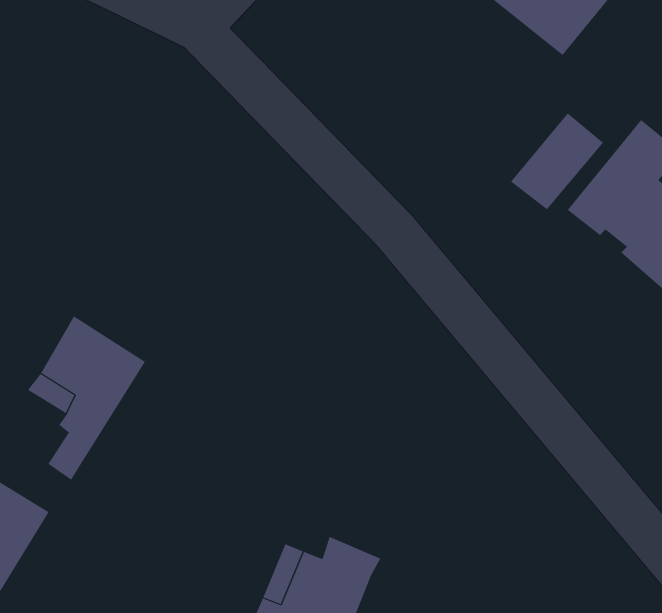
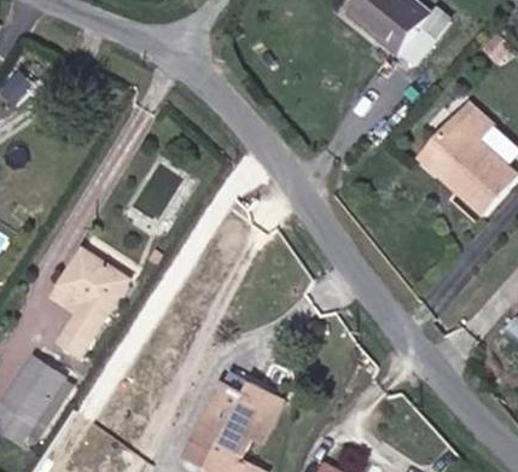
building: [510,112,604,210] -> none

